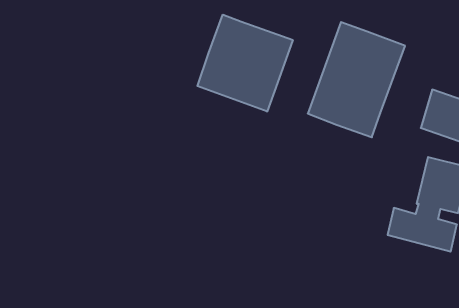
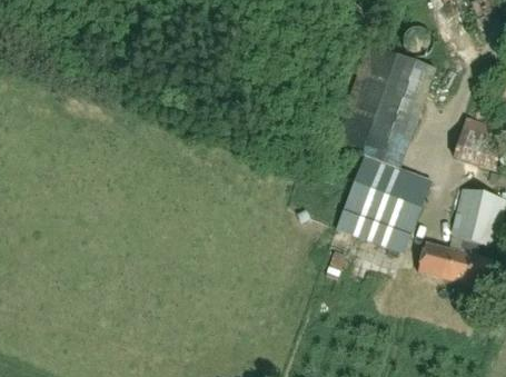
building: [197,15,293,112] -> none
building: none -> [335,152,433,254]

